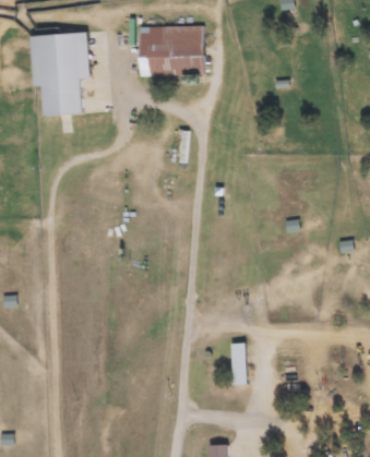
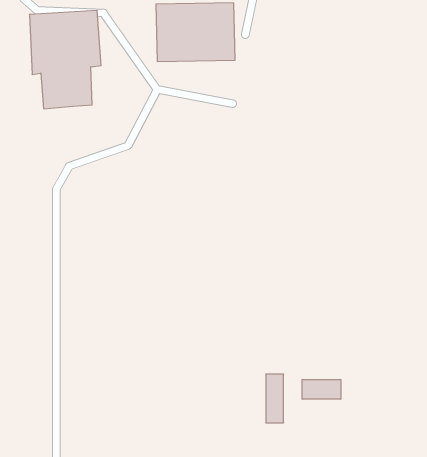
building: none -> [302,379,341,399]

